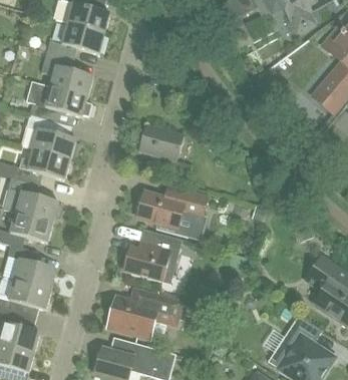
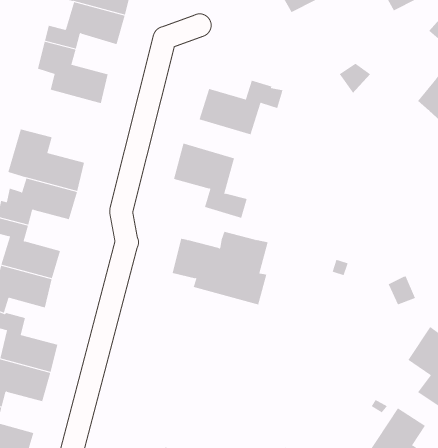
building: none -> [199,80,284,135]
building: [29,85,91,119] -> none
building: [122,228,182,283] -> none
building: [107,291,186,337] -> none

